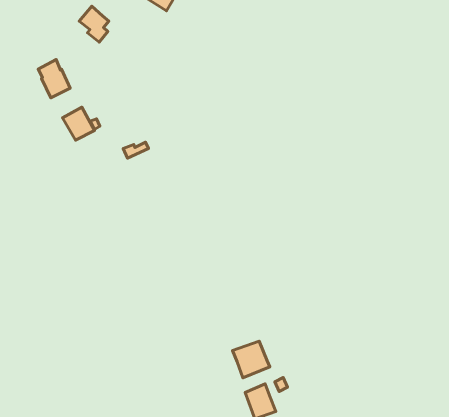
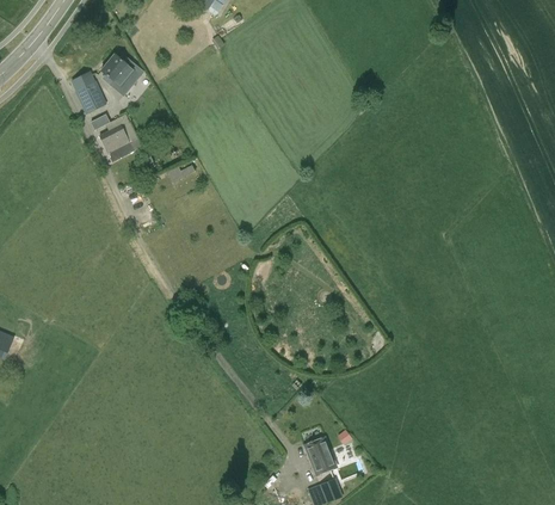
building: [79,6,109,42] -> [100,54,134,94]
building: [232,341,270,378] -> none

